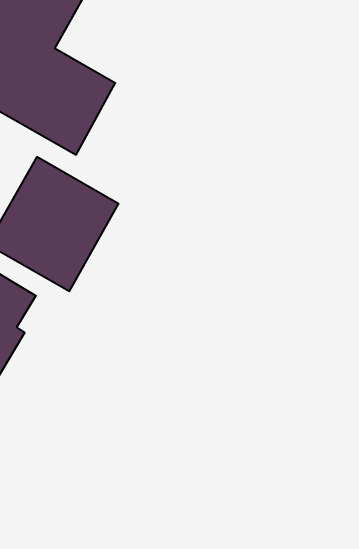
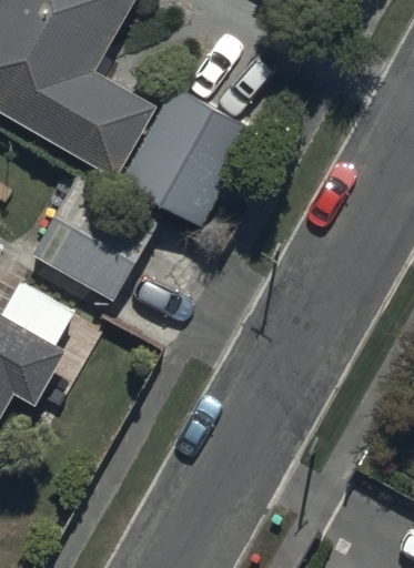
building: none -> [120,85,253,227]

